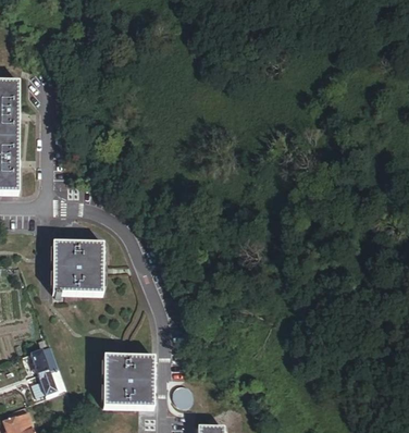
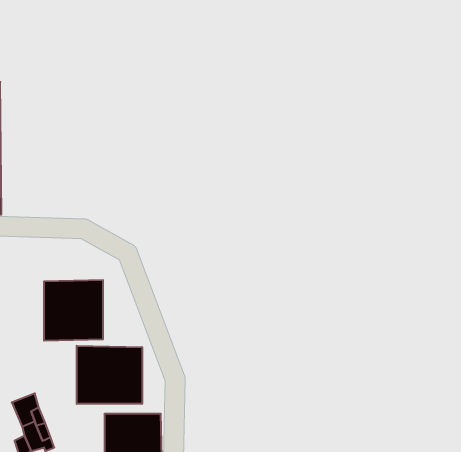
building: none -> [77,346,142,404]

